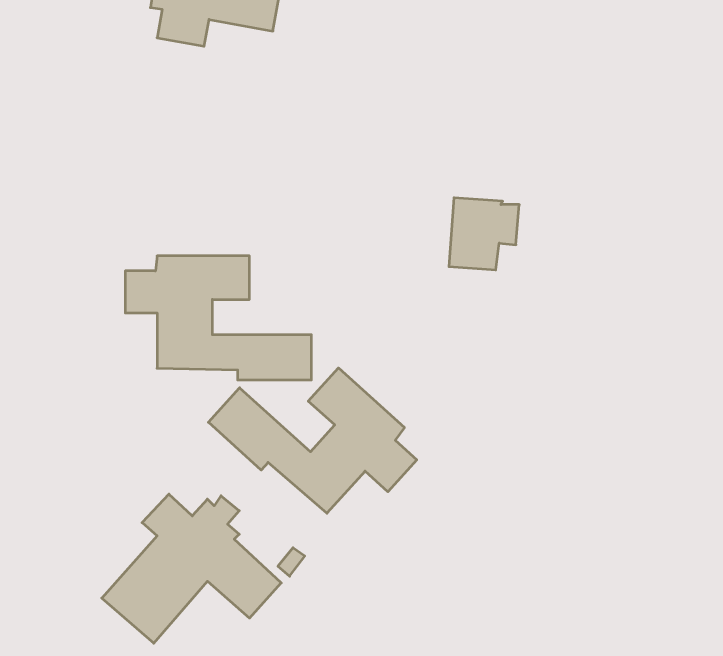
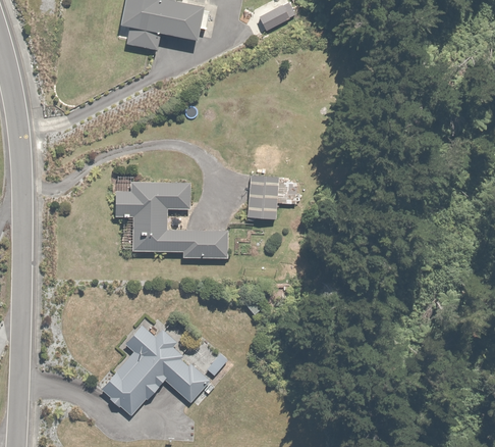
building: [449,198,519,270] -> [246,175,289,218]
building: [208,368,417,513] -> none

